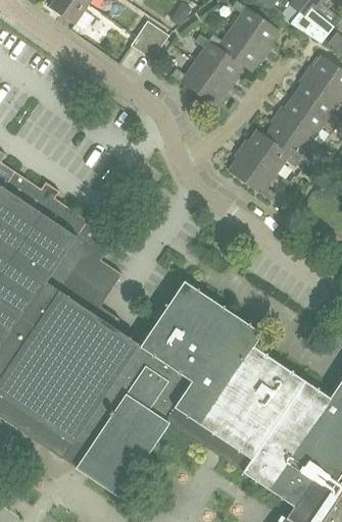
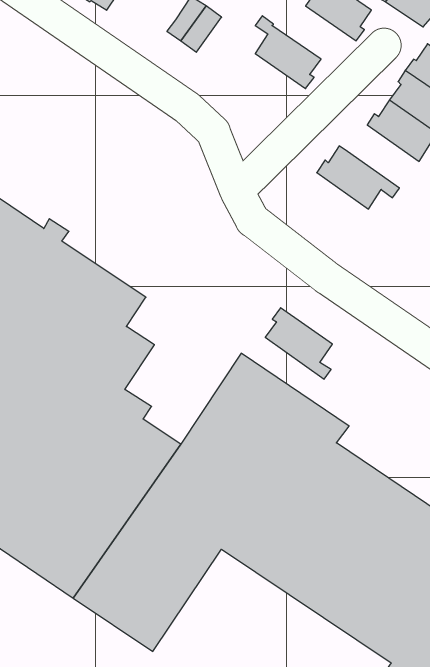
building: [207,28,268,72] -> none
building: [172,62,232,106] -> none
building: [262,114,314,166] -> none
building: [229,149,278,201] -> [265,308,332,379]

